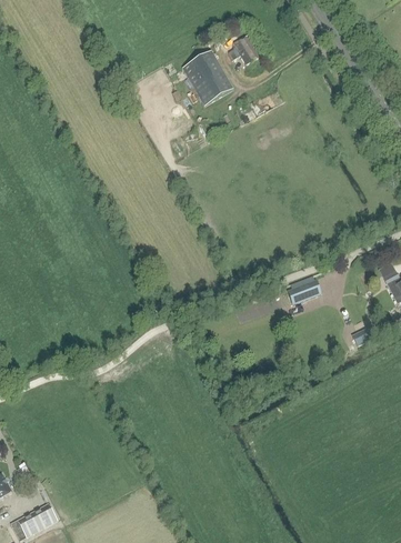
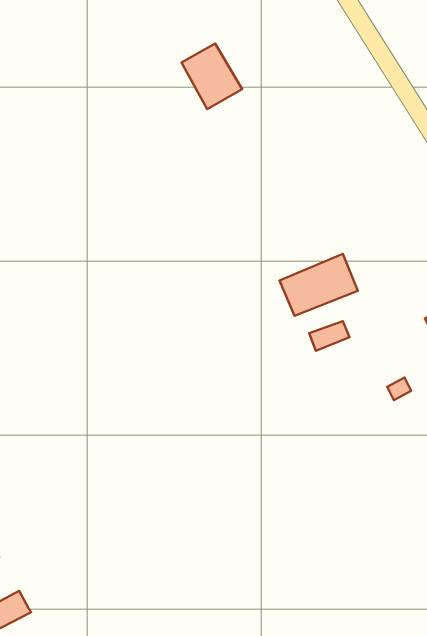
building: [229,34,258,63] -> none
building: none -> [280,254,358,316]

